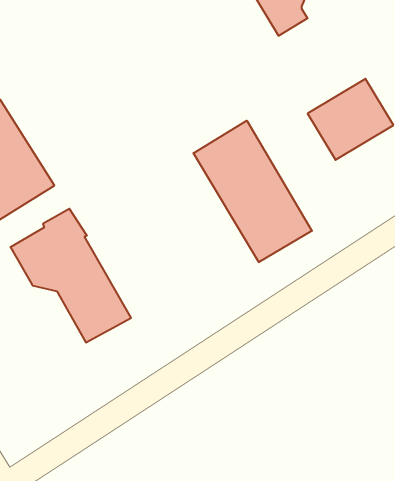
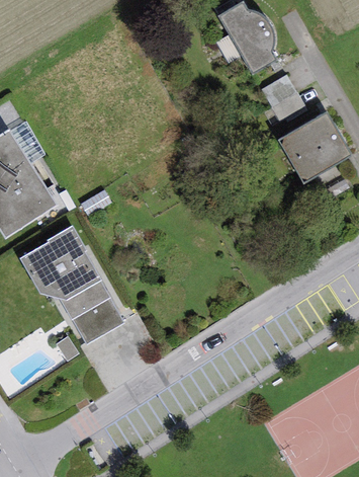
building: none -> [258,72,307,125]
building: [193,121,312,262] -> none

